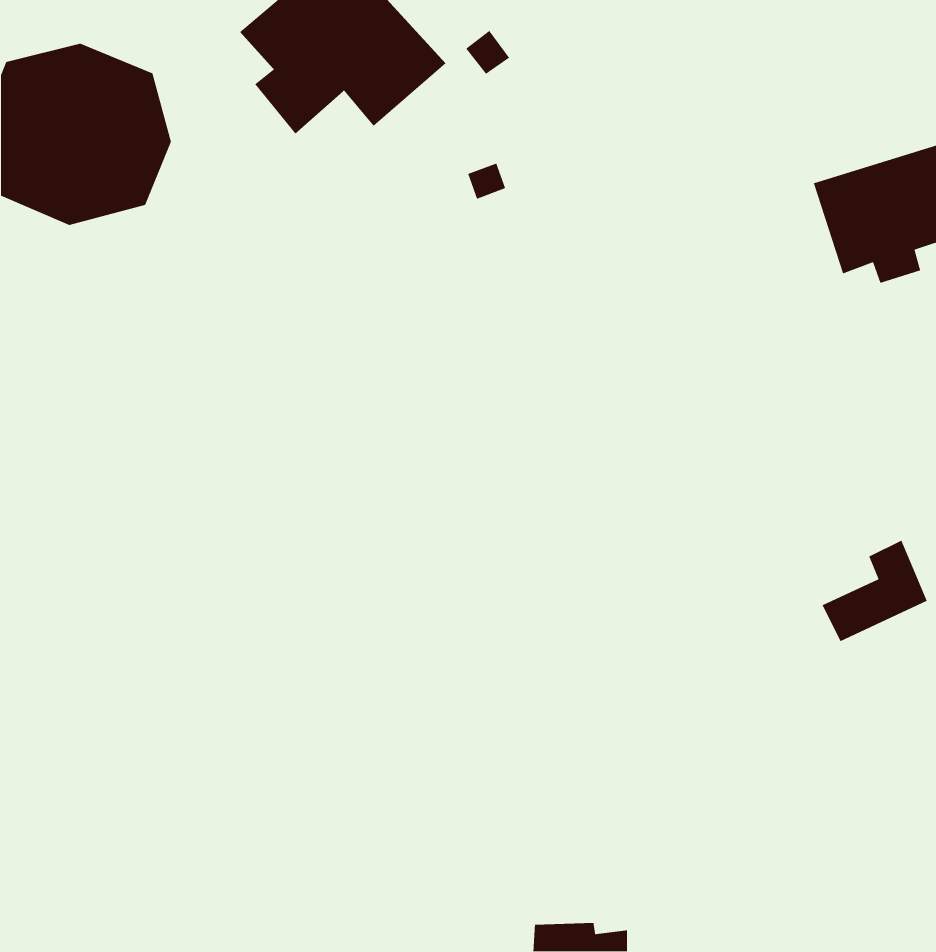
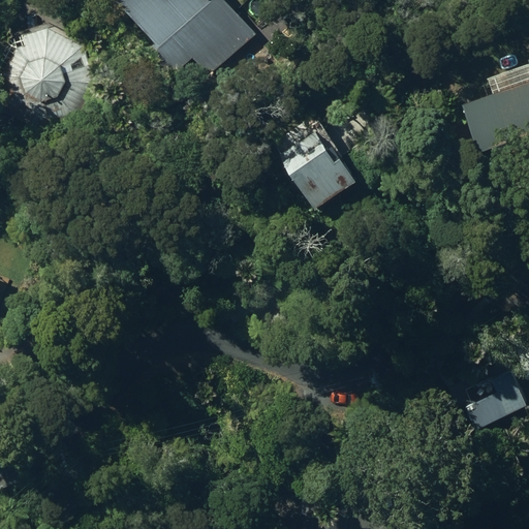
building: none -> [277,130,348,198]
building: [821,539,928,642] -> [464,370,523,427]

